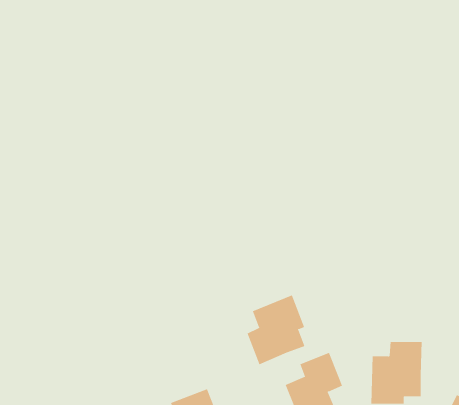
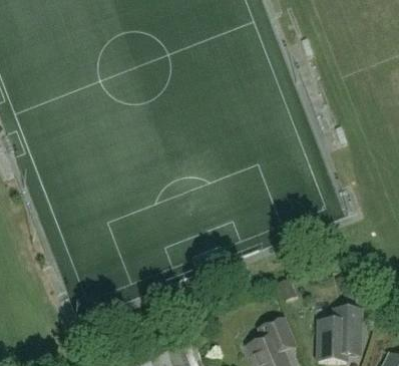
building: [247,294,305,365] -> none

